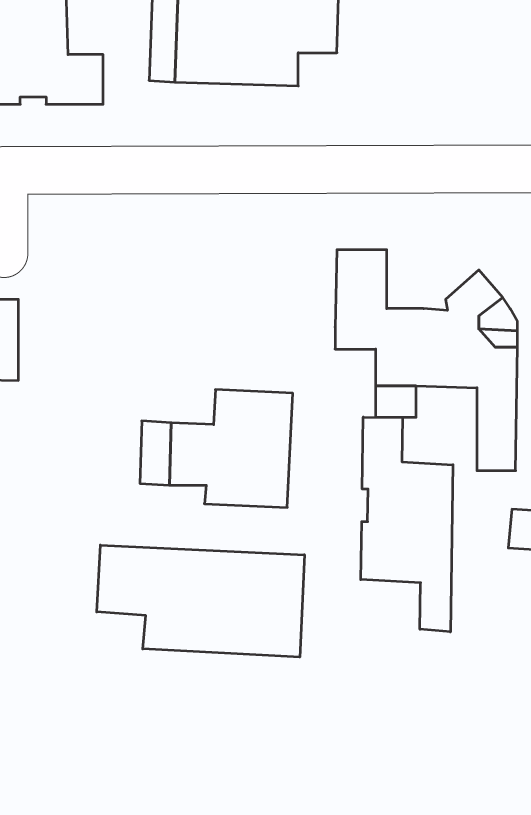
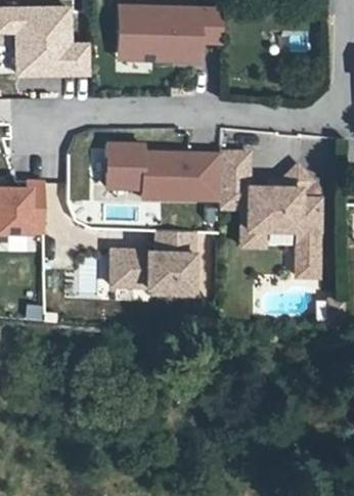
building: none -> [107,143,221,196]
building: [361,417,453,632] -> none
building: [97,545,304,657] -> none

